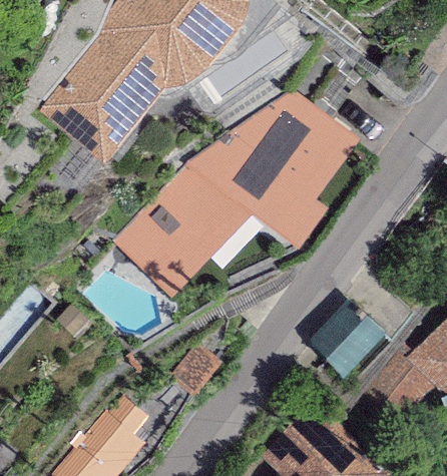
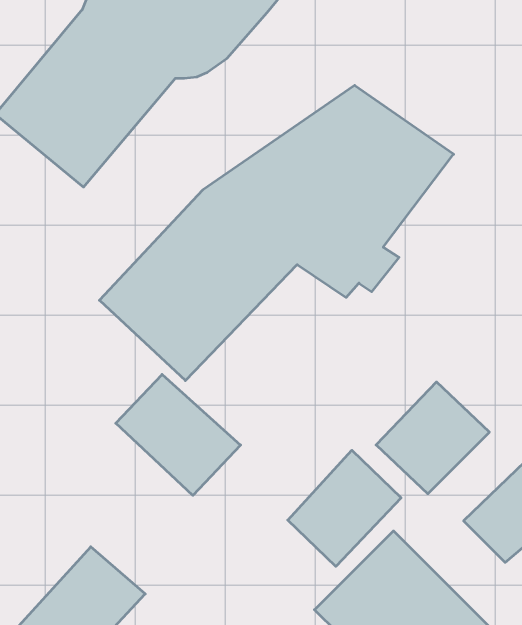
building: none -> [116,374,241,495]
building: none -> [288,450,401,566]

